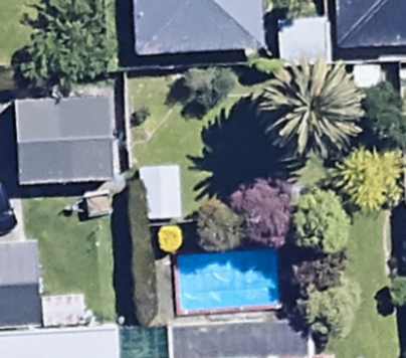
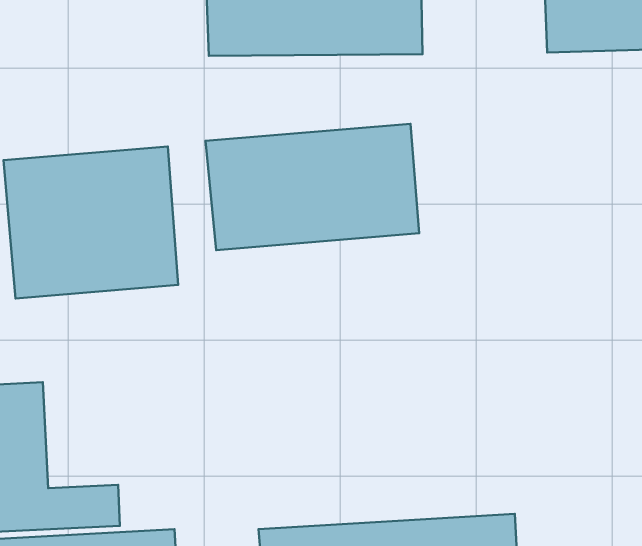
building: none -> [205,124,419,250]

